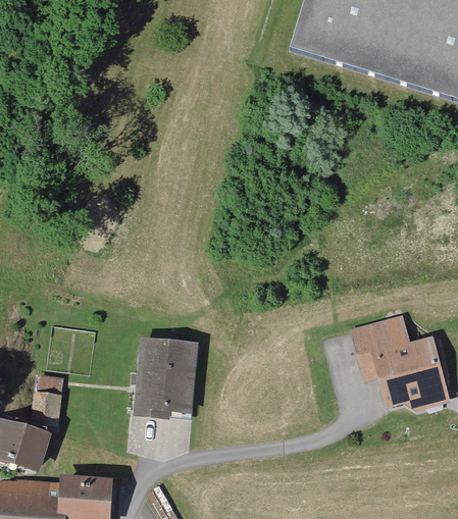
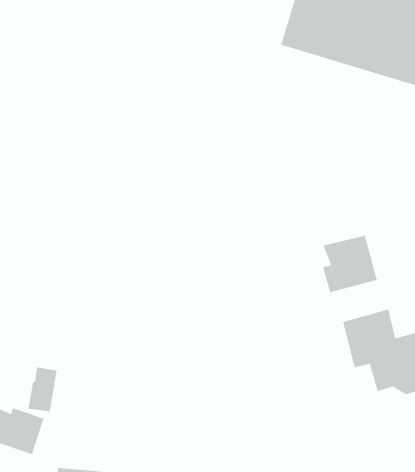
building: none -> [322,235,378,293]
building: [135,342,193,412] -> none

